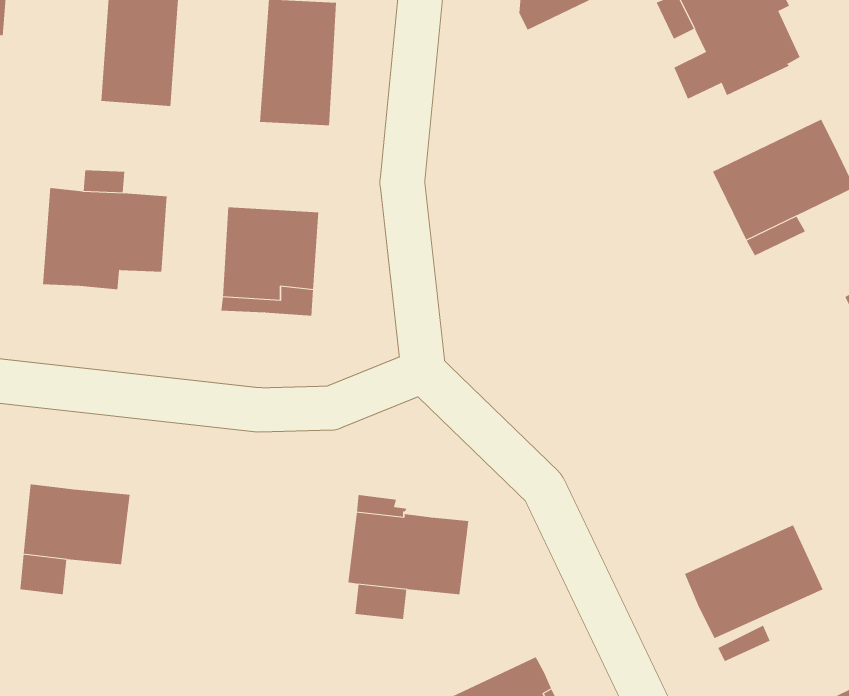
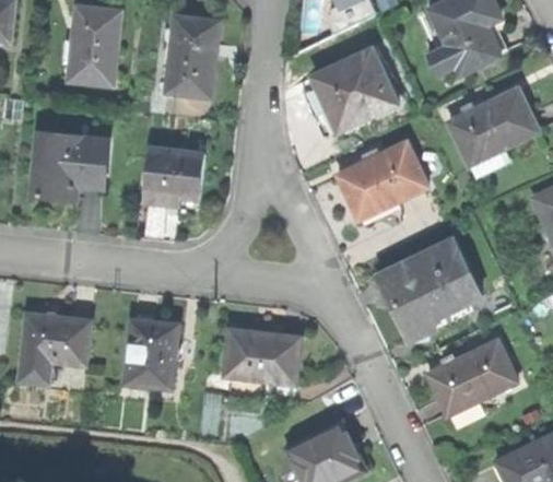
building: none -> [310,50,396,131]
building: none -> [334,141,425,218]
building: none -> [379,242,479,340]
building: none -> [123,319,177,389]

